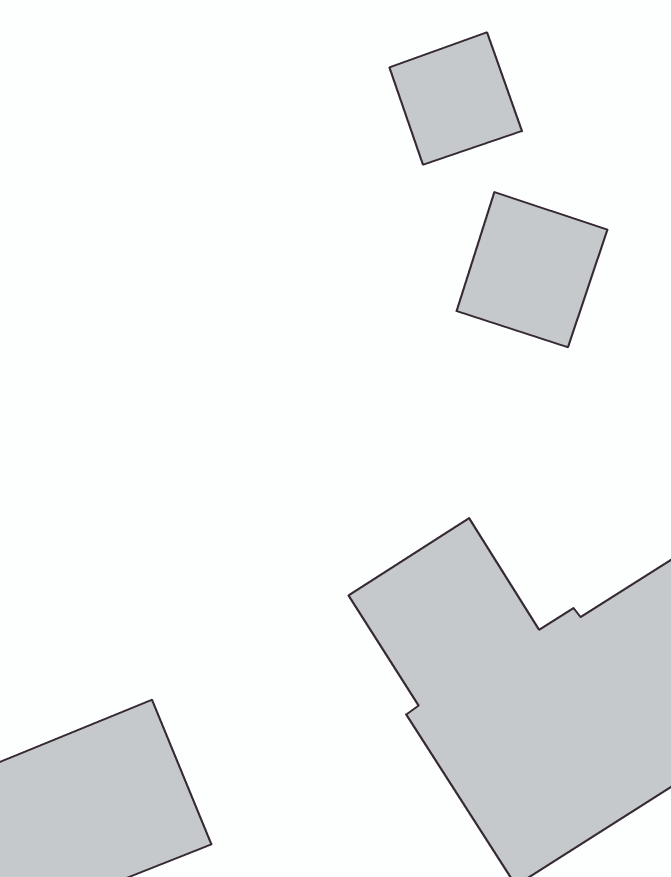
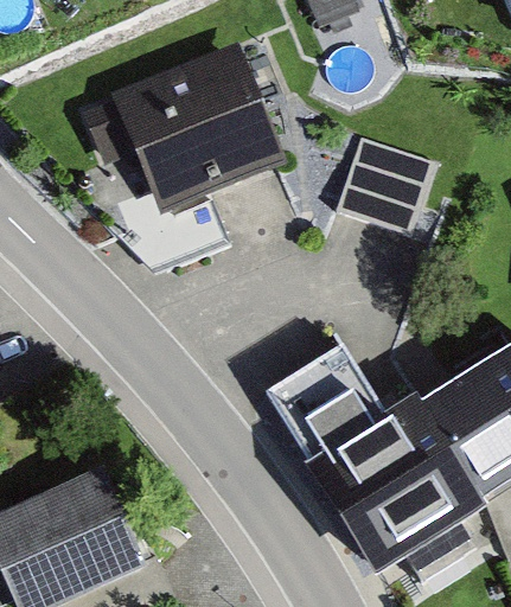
building: [390,32,522,165] -> none
building: none -> [87,32,295,196]

